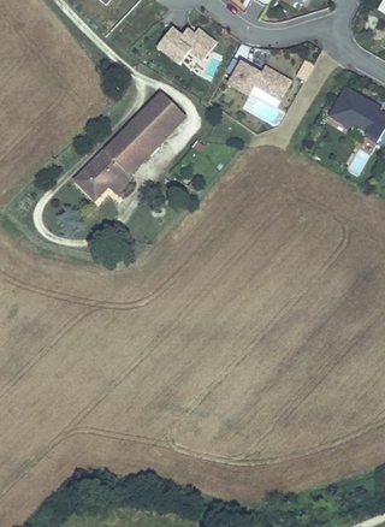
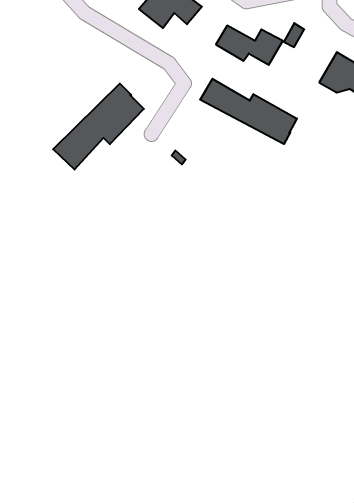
building: [138,93,184,140] -> none
building: none -> [200,79,297,144]

